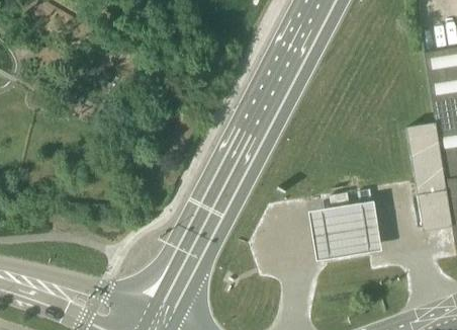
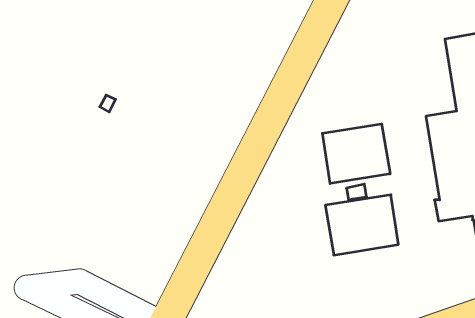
building: none -> [322,124,390,184]

